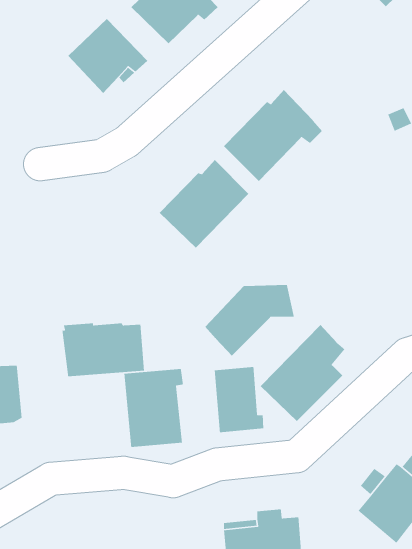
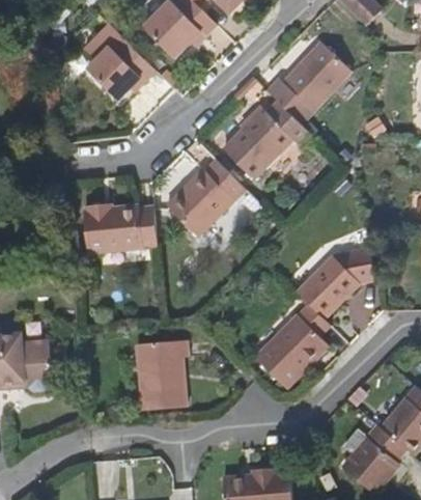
building: none -> [268,43,352,124]
building: [204,284,295,357] -> [299,255,377,318]
building: [62,323,145,377] -> [84,204,157,252]
building: [214,366,264,433] -> none

